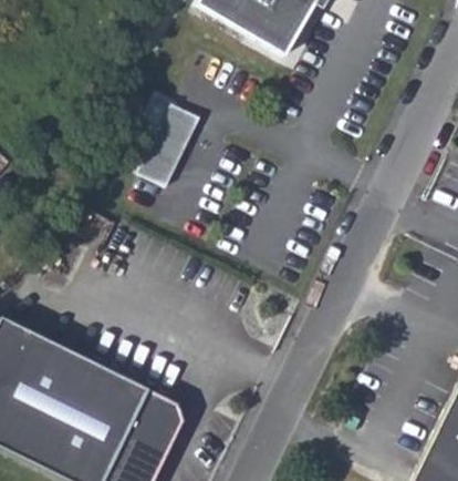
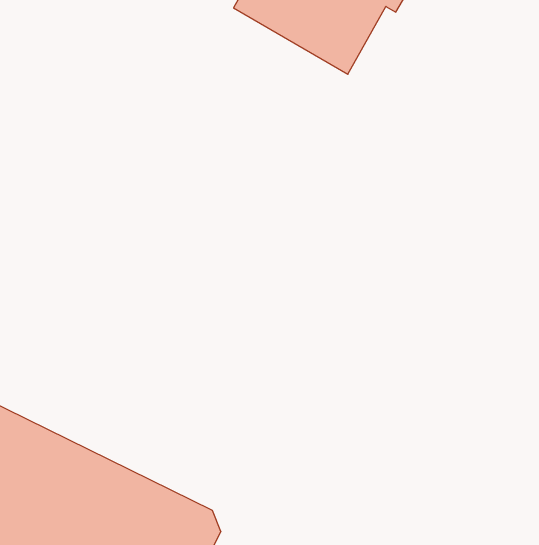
building: [139,105,199,188] -> none

